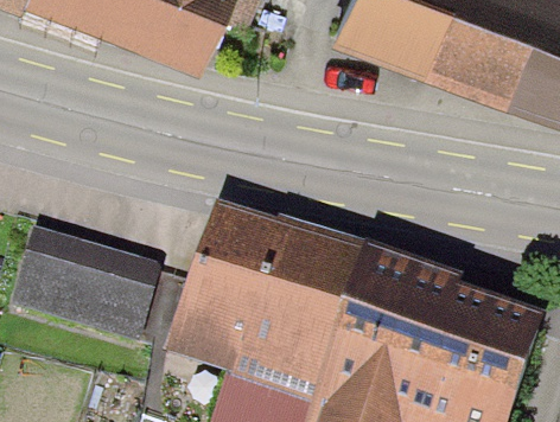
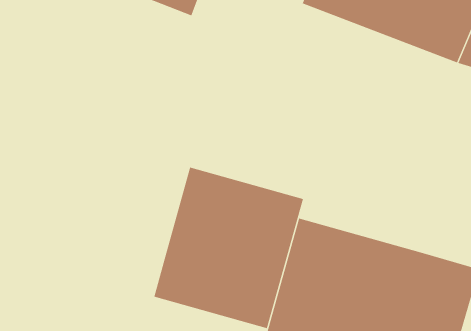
building: [19,232,151,337] -> none

